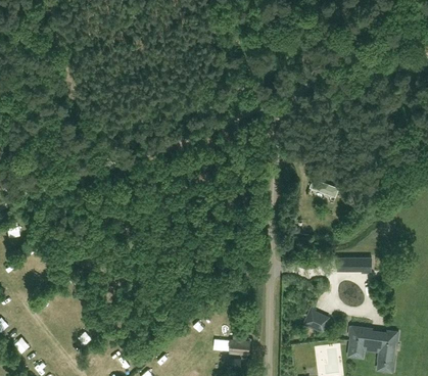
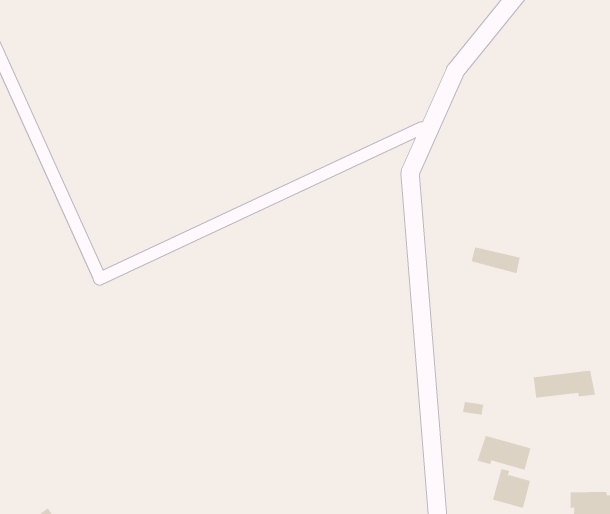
building: none -> [477,435,531,470]

